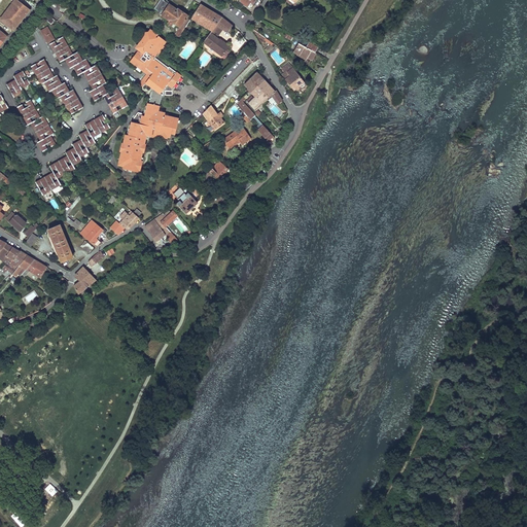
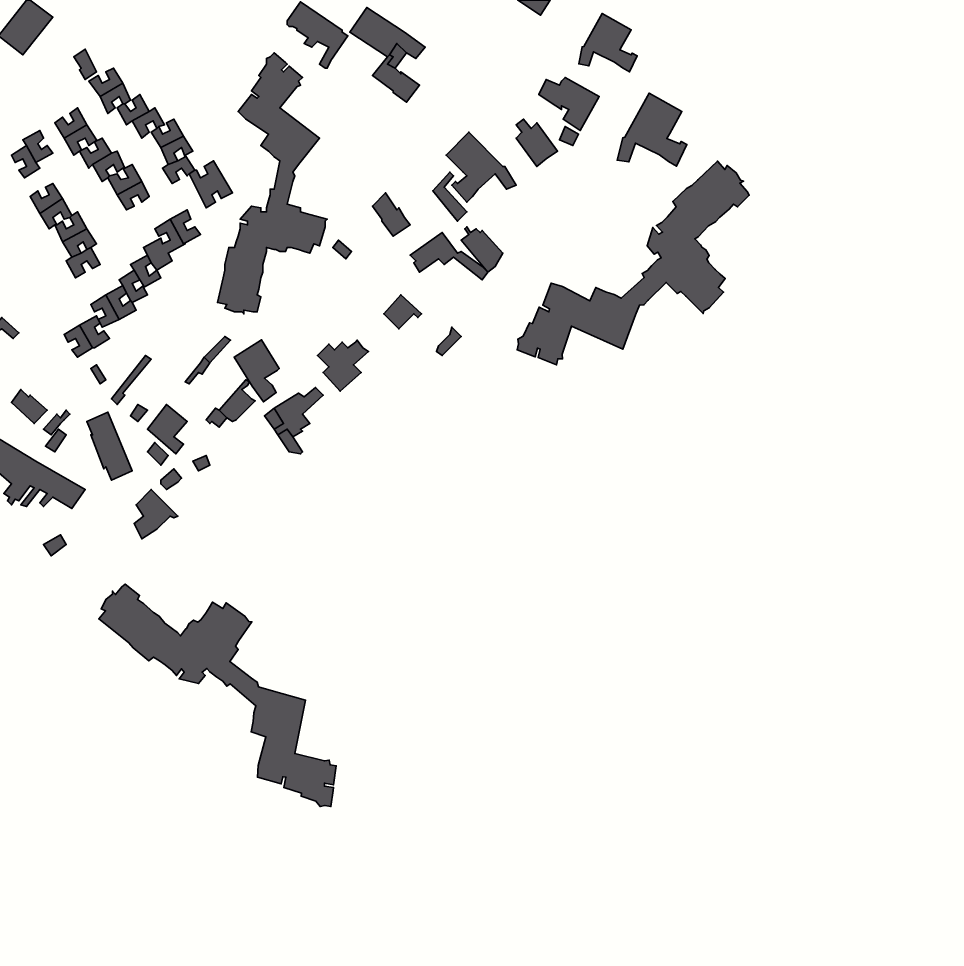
building: none -> [579,14,637,72]
building: none -> [617,93,687,166]
building: none -> [517,161,749,365]
building: none -> [234,340,279,402]
building: none -> [99,584,336,807]

